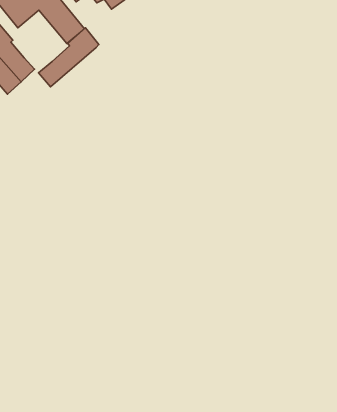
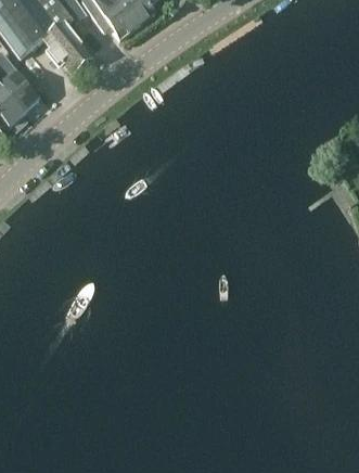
building: [39,28,99,87] -> none

